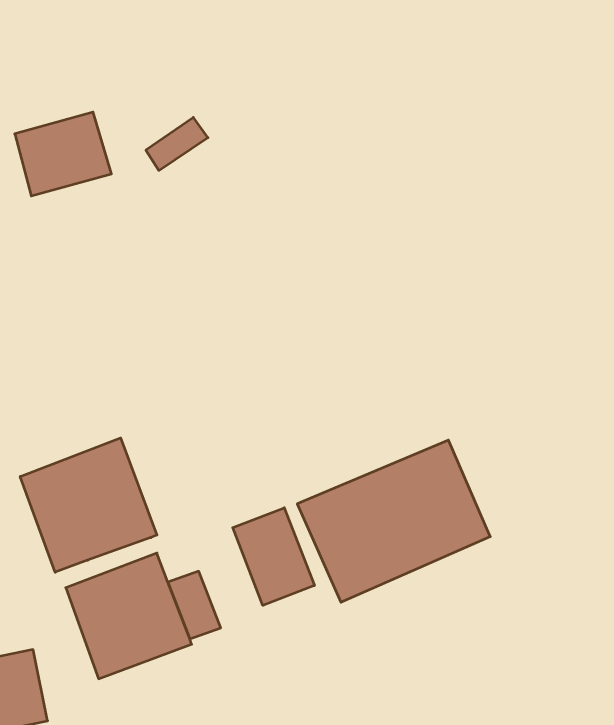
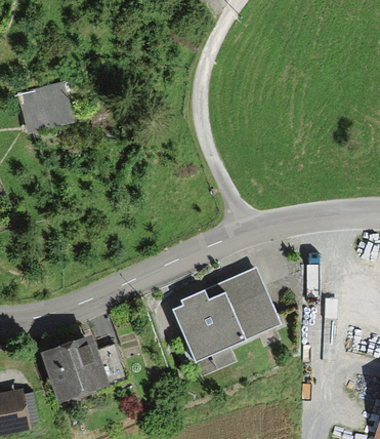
building: [20,438,157,572] -> none
building: [233,508,314,605] -> none

